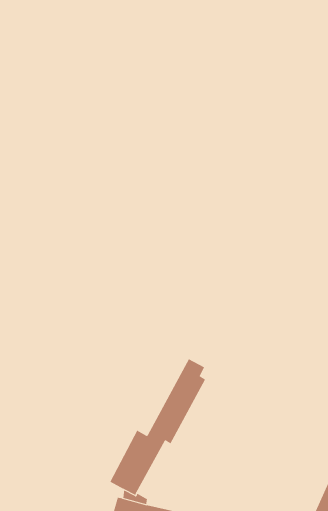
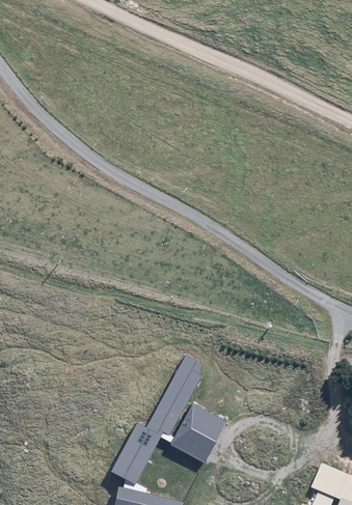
building: none -> [168,402,226,462]

